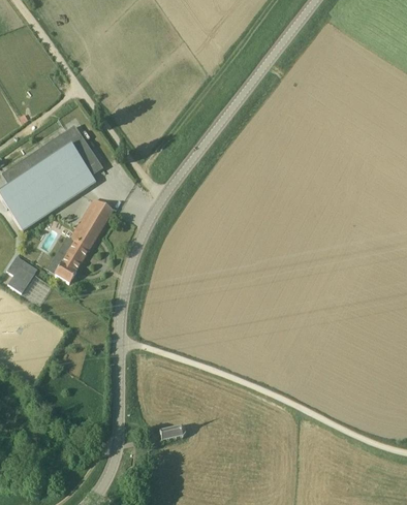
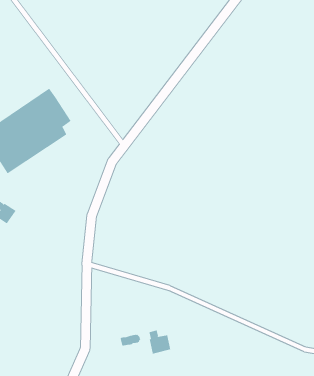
building: [49,197,114,282] -> none
building: none -> [149,330,171,354]

